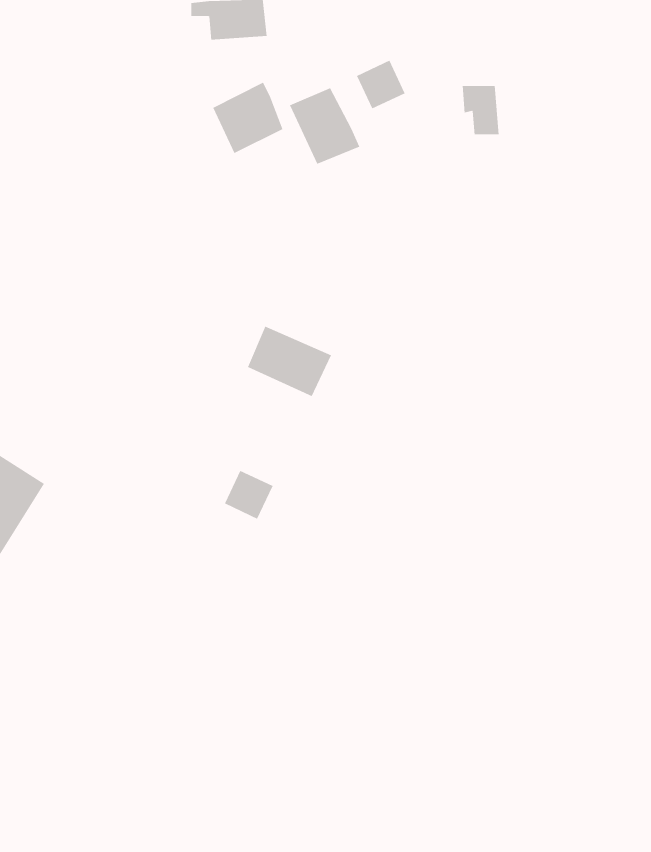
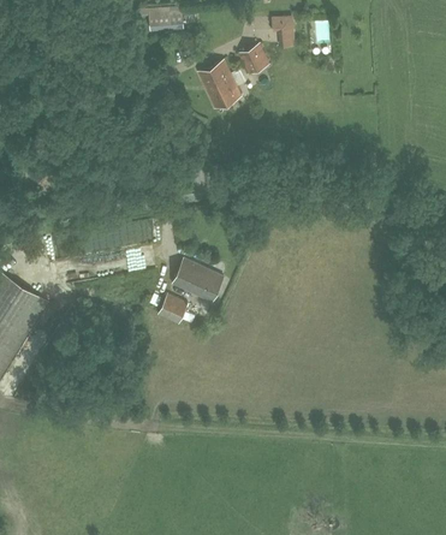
building: [212,82,283,154] -> none
building: [462,86,499,135] -> [272,16,295,46]
building: [247,326,332,397] -> [172,257,224,301]

